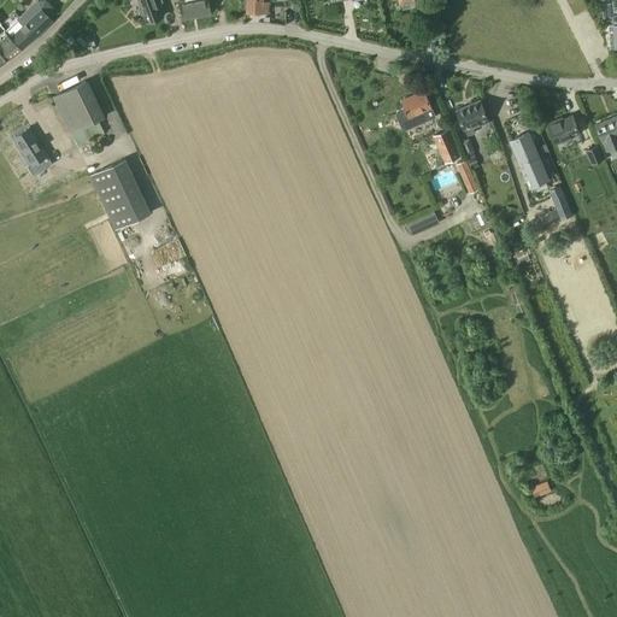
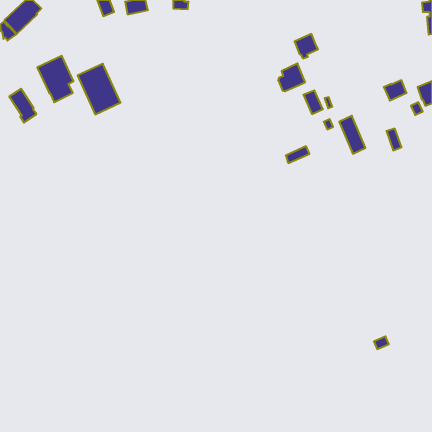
building: [456,100,489,135] -> [294,34,318,58]
building: [511,133,548,187] -> [339,116,365,154]
building: [89,158,151,230] -> [78,64,121,114]

